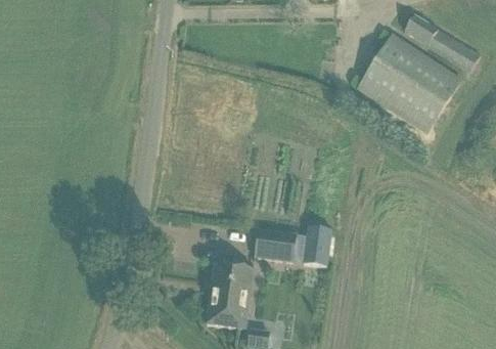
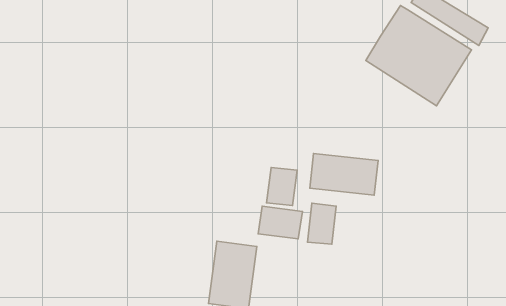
building: none -> [310,153,378,195]
building: none -> [267,167,297,206]

